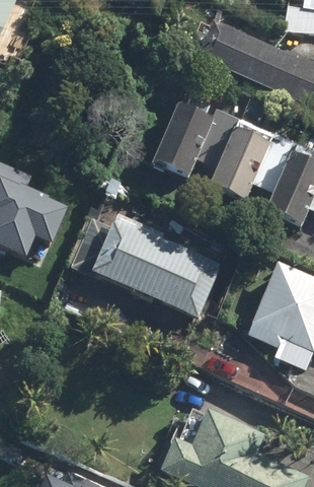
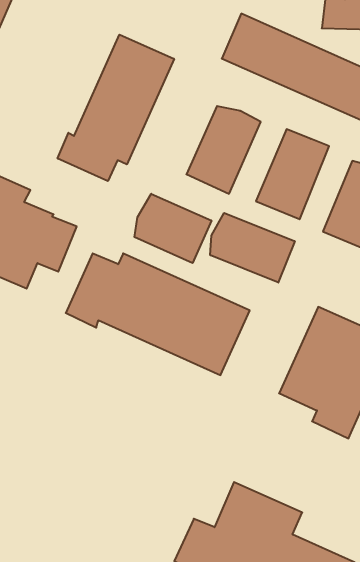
building: none -> [58,35,174,181]
building: none -> [134,194,211,263]
building: none -> [210,213,295,283]

